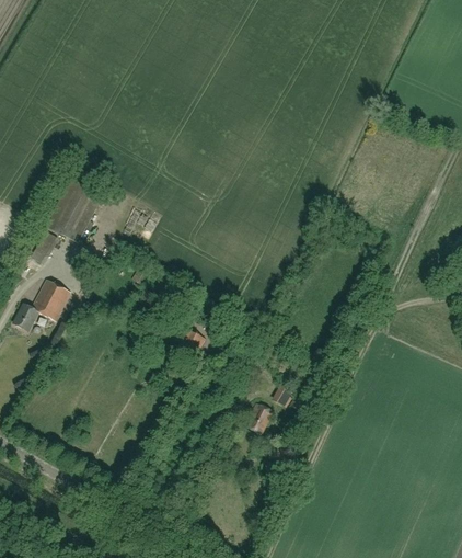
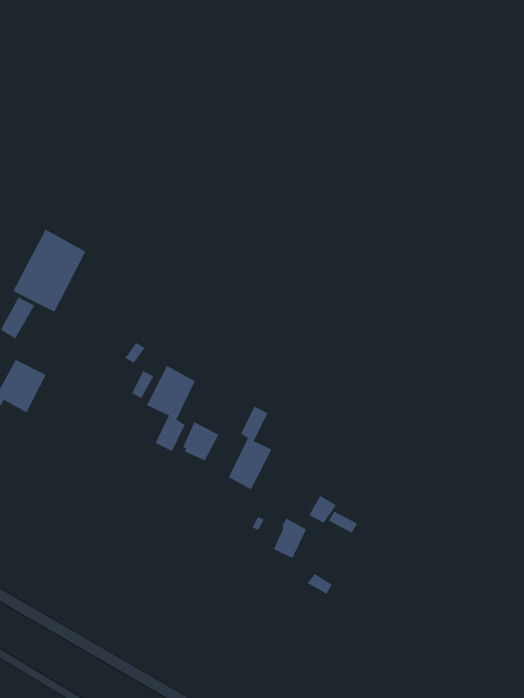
building: none -> [146,365,196,452]
building: none -> [228,406,272,490]

